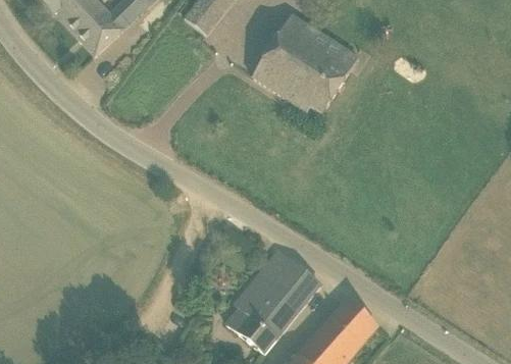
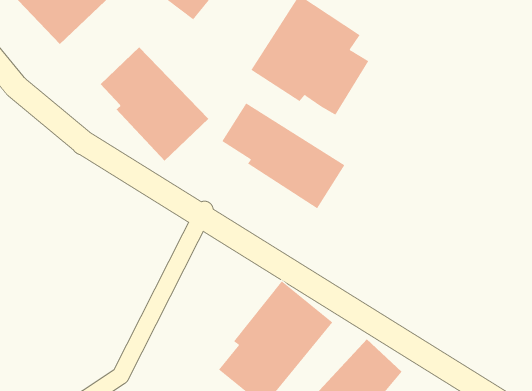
building: none -> [100,47,209,161]
building: none -> [221,102,345,209]

